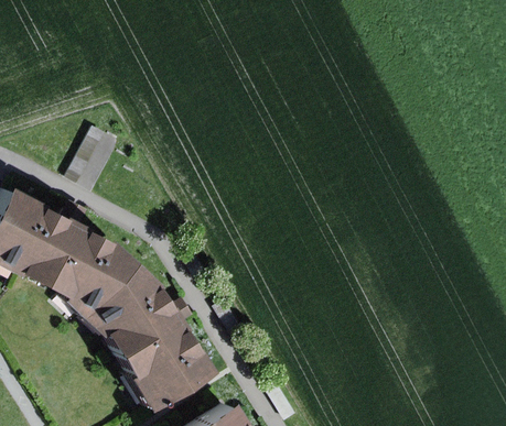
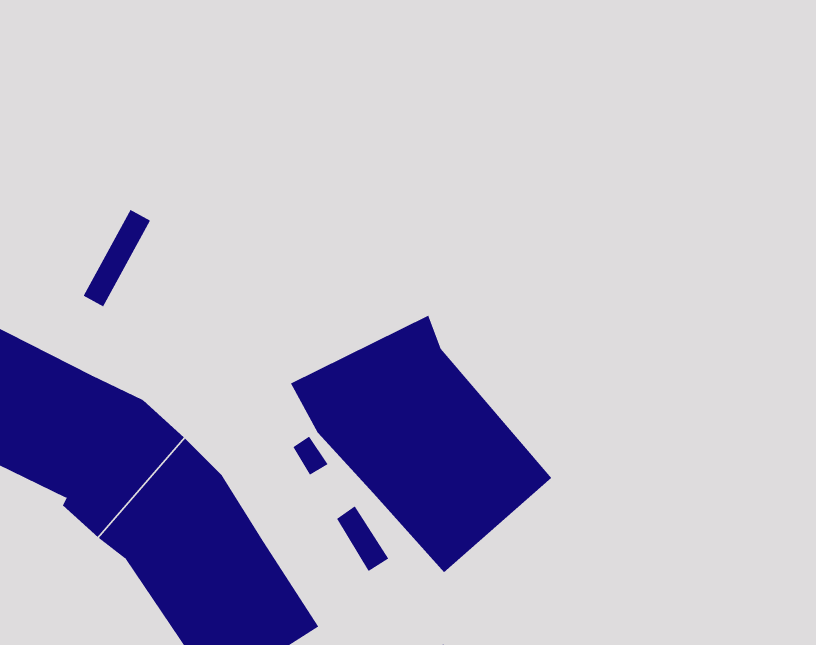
building: none -> [290,315,552,573]

